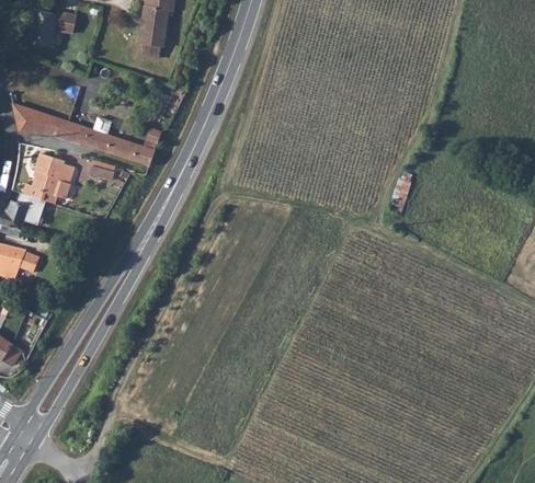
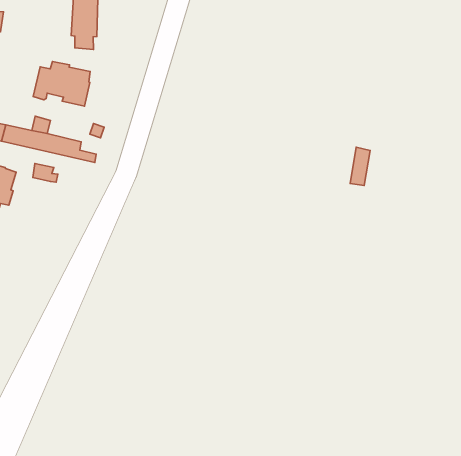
building: none -> [33,62,90,106]

